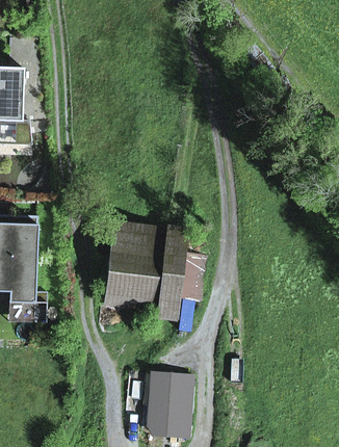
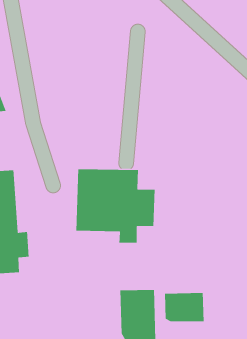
building: none -> [164,292,204,322]

